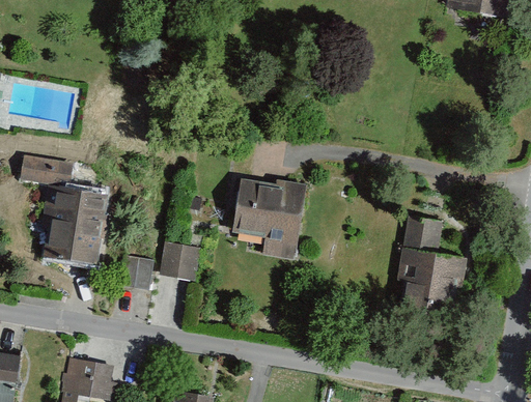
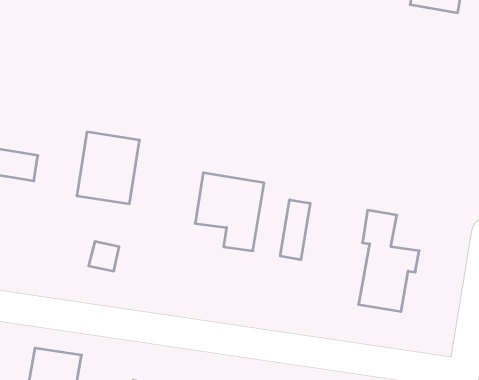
building: [40,189,105,262] -> [77,132,140,204]
building: none -> [280,200,310,260]
building: [159,243,199,282] -> none

